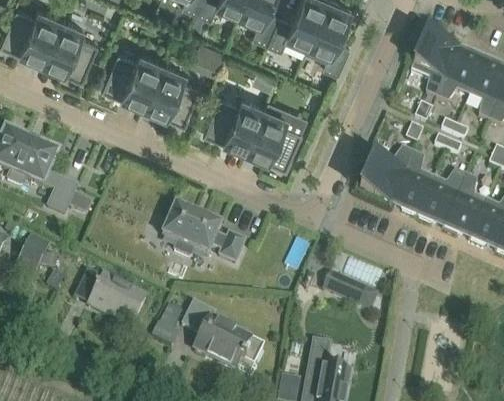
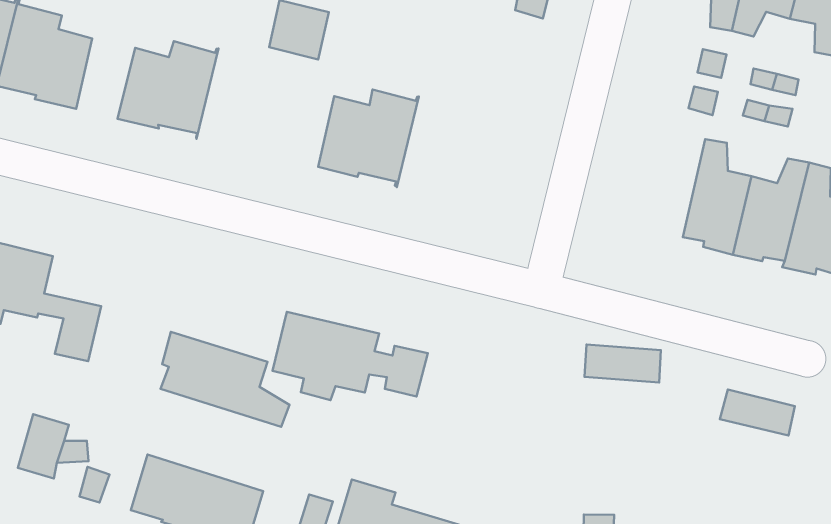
building: [143,60,199,123] -> none
building: [245,104,301,167] -> none
building: [360,148,413,203] -> none
building: none -> [161,332,290,427]
building: [324,274,365,304] -> [720,389,795,435]

